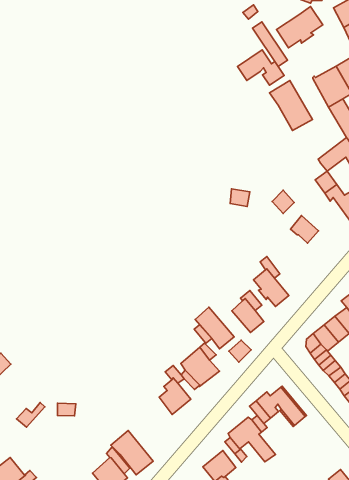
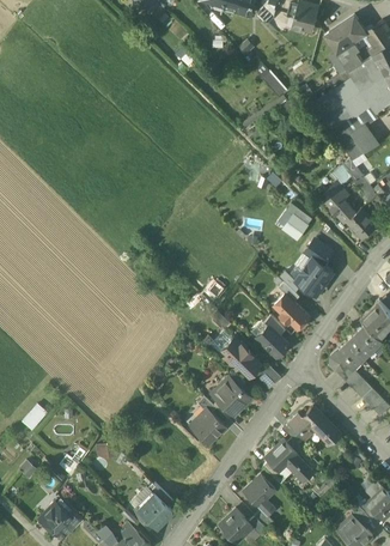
building: [276,7,323,48] -> none
building: [237,50,284,85] -> none
building: [269,81,312,131] -> none
building: none -> [300,259,333,295]
building: [111,431,153,475] -> none

